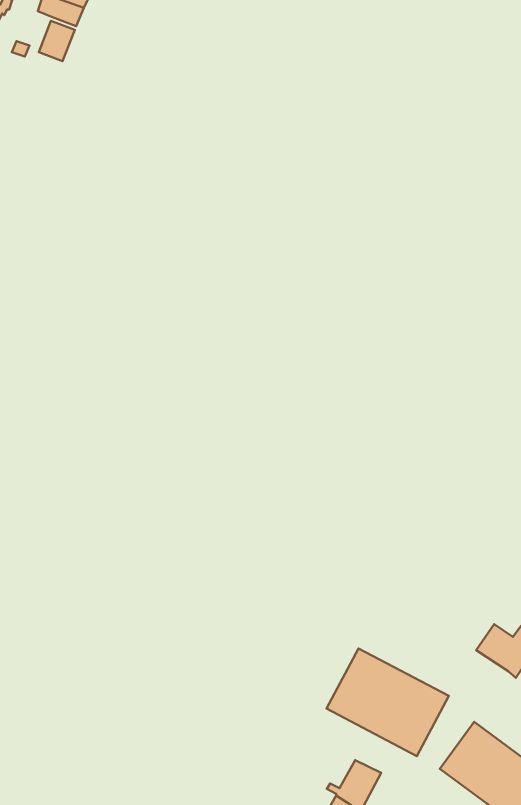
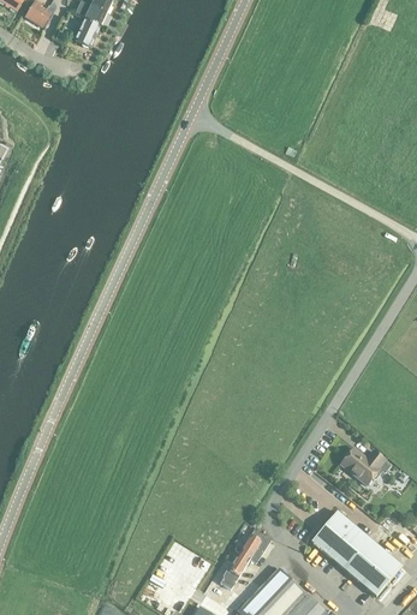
building: [326,648,449,756] -> none

